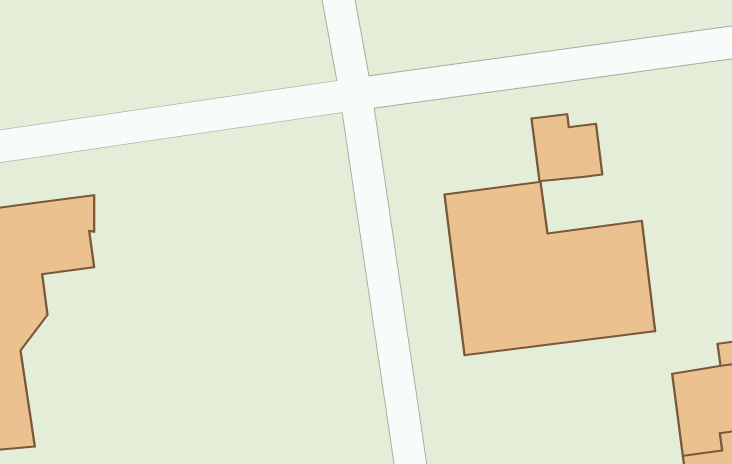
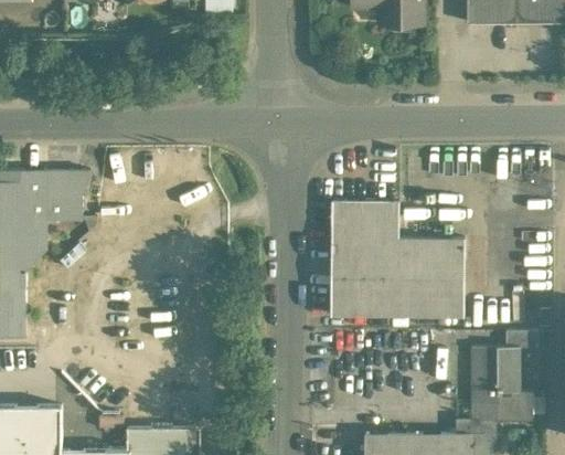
building: [532,114,602,181] -> none

